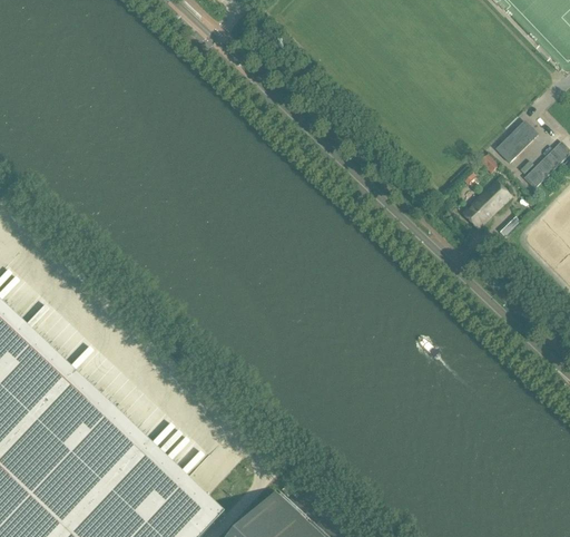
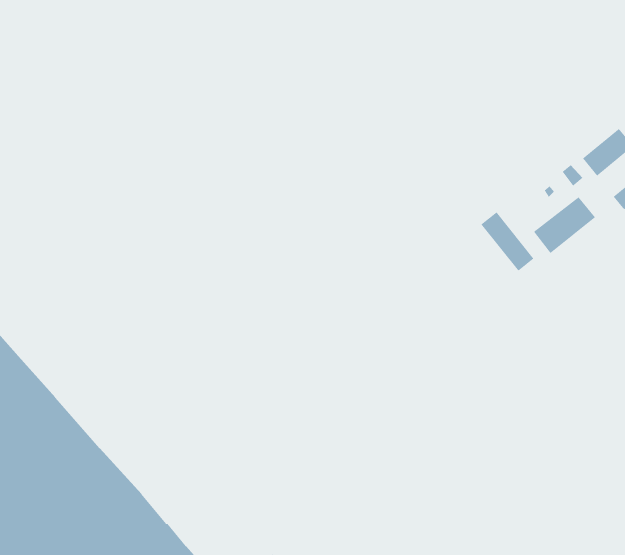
building: none -> [481,212,534,271]

